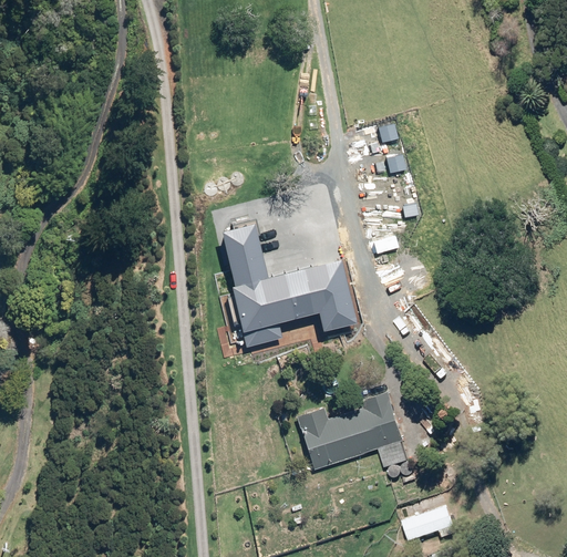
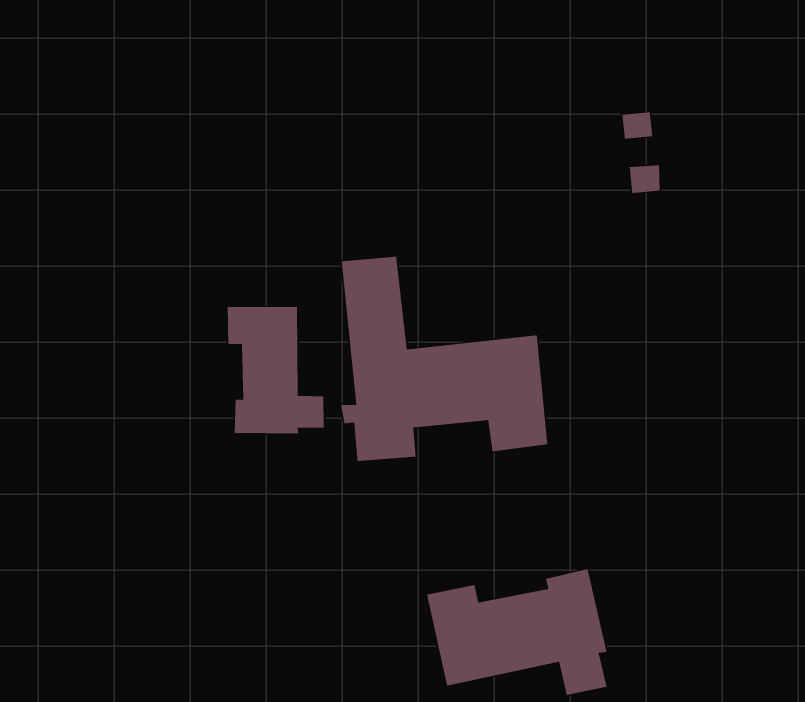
building: none -> [227,306,324,434]

